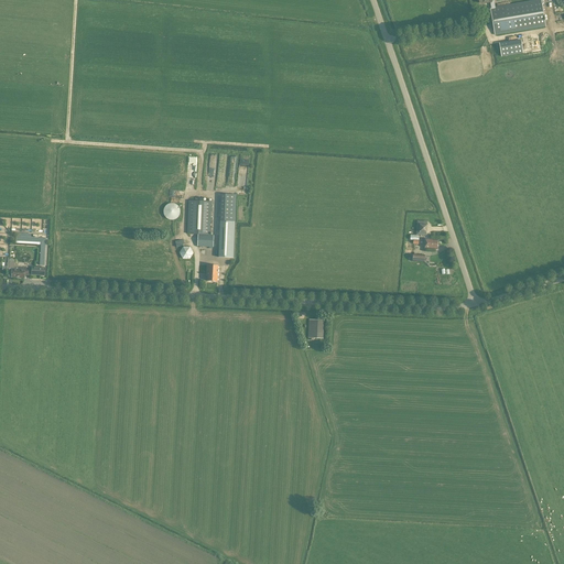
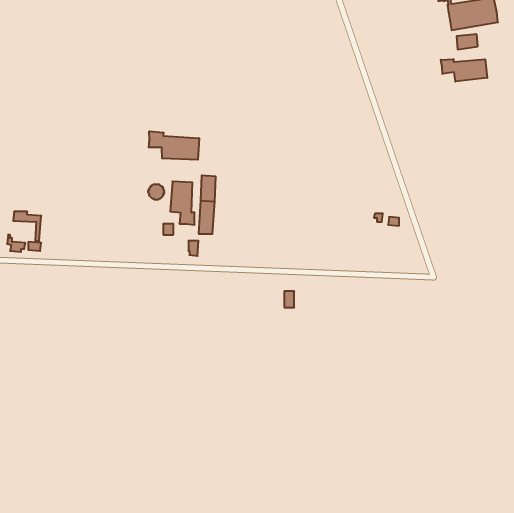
building: none -> [441,59,487,82]
building: none -> [149,131,199,160]

